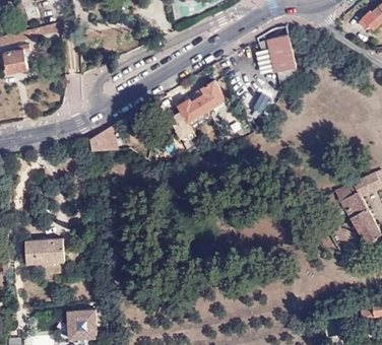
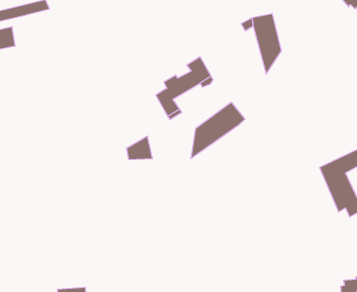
building: none -> [191,102,245,159]
building: [89,127,116,150] -> [126,136,153,159]
building: [23,237,63,264] -> none

